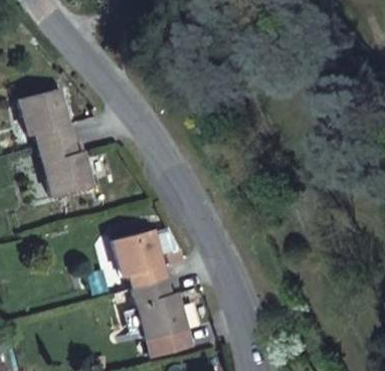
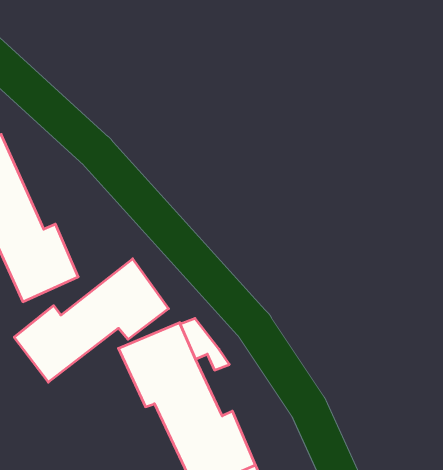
building: none -> [14,259,169,382]

